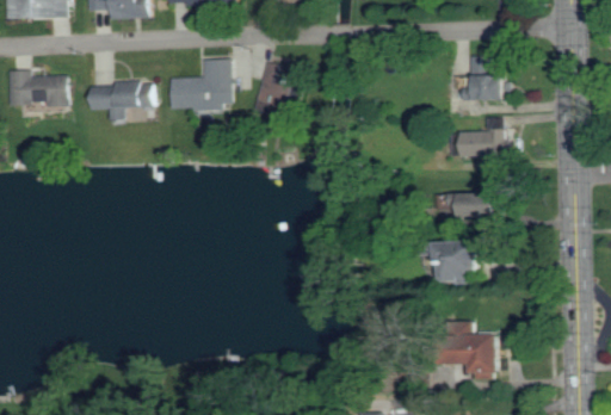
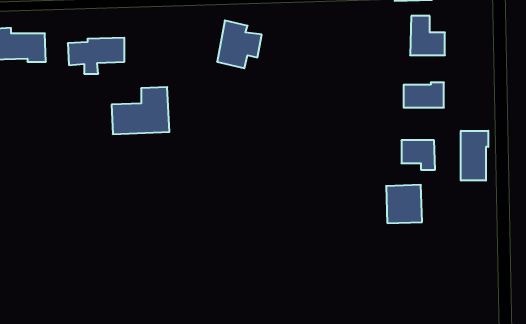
building: [167,60,230,111] -> [112,87,169,134]
building: none -> [461,131,488,181]
building: [427,322,499,380] -> none

